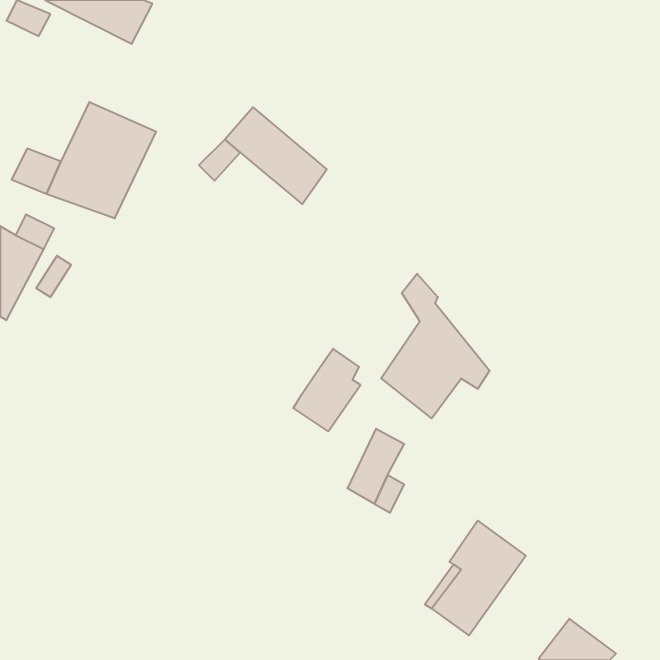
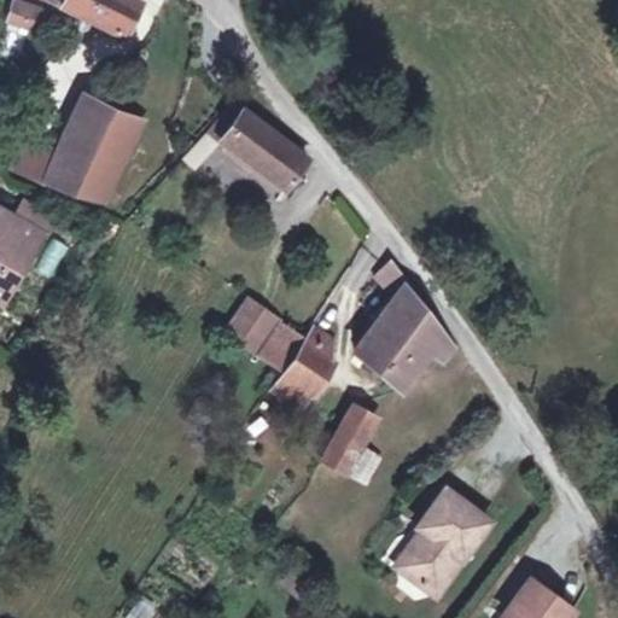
building: none -> [222,299,269,349]
building: none -> [255,319,303,372]

